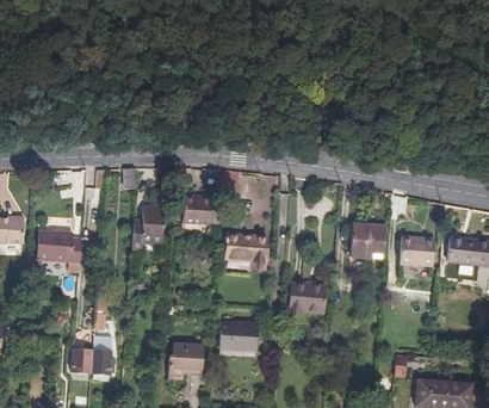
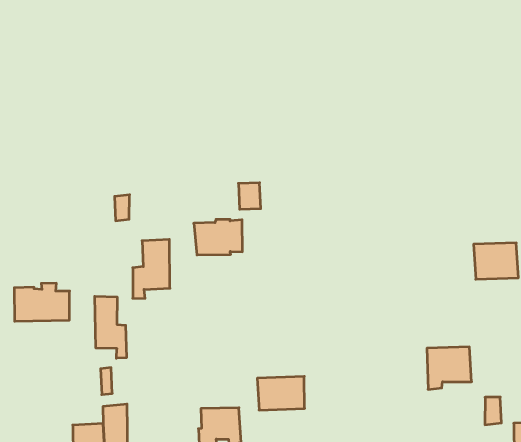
building: [352,221,385,258] -> none
building: [227,234,267,270] -> none
building: none -> [95,296,126,358]
building: [291,282,327,314] -> [427,347,472,389]

